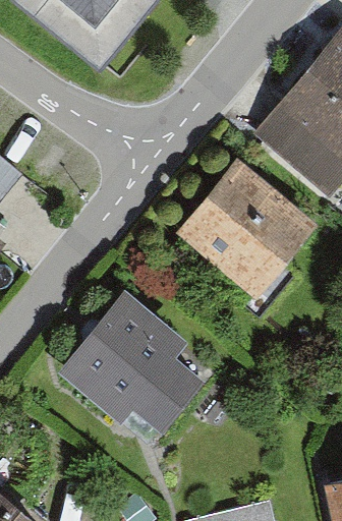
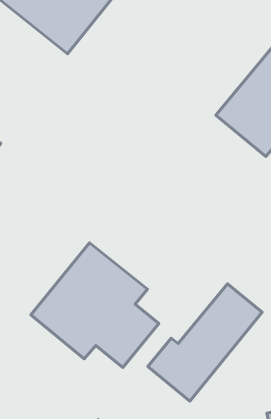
building: [188,171,316,297] -> none
building: none -> [148,284,262,401]

